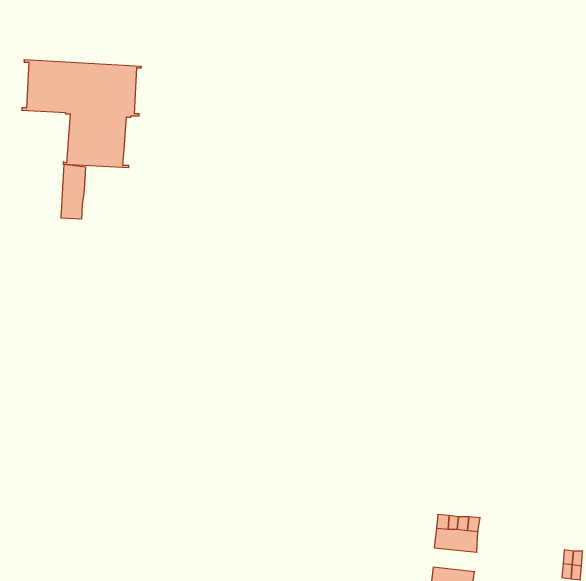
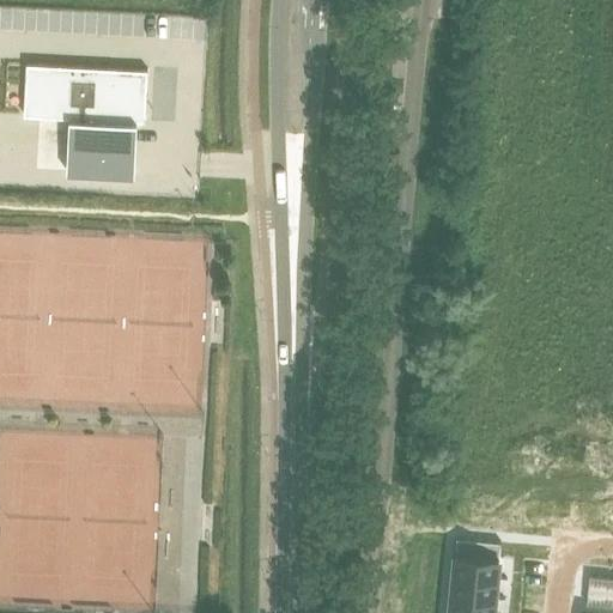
building: [61,164,85,219] -> none
building: none -> [451,577,497,602]

